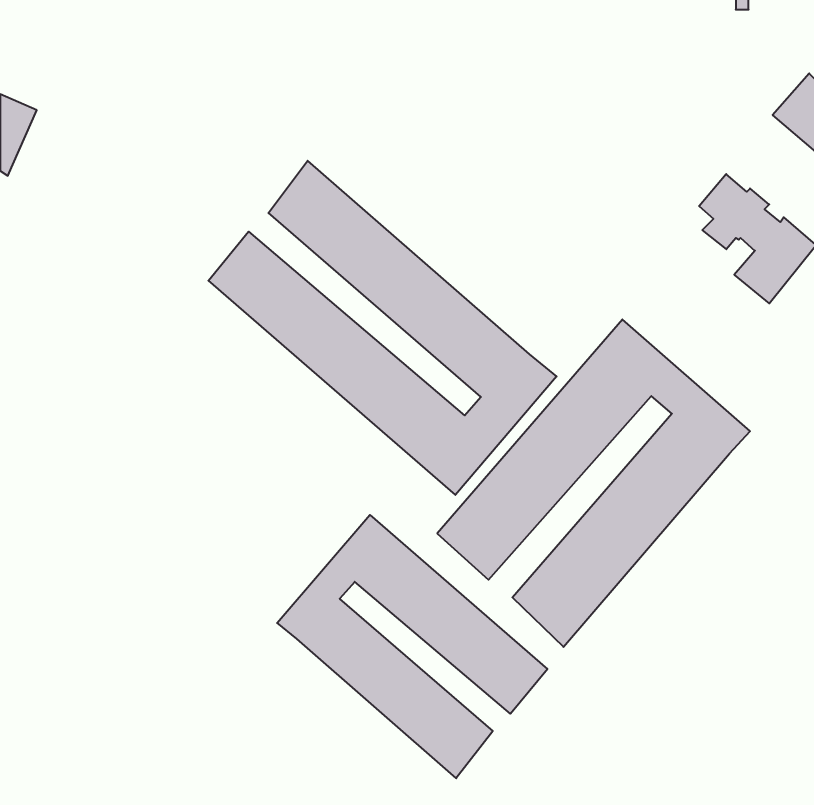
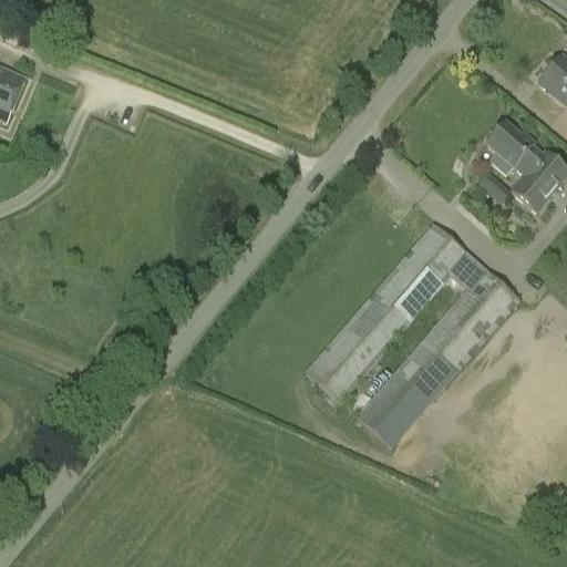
building: [208,161,557,495] -> none
building: [277,515,547,778] -> none

